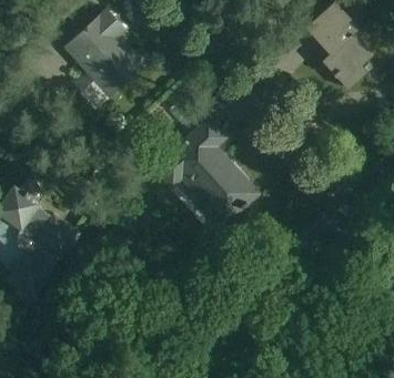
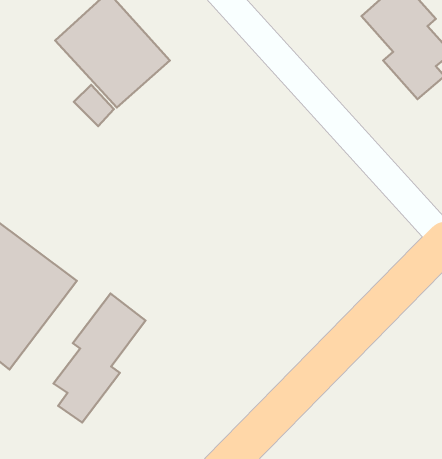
building: [153,118,271,228] -> none
building: none -> [54,294,146,423]

